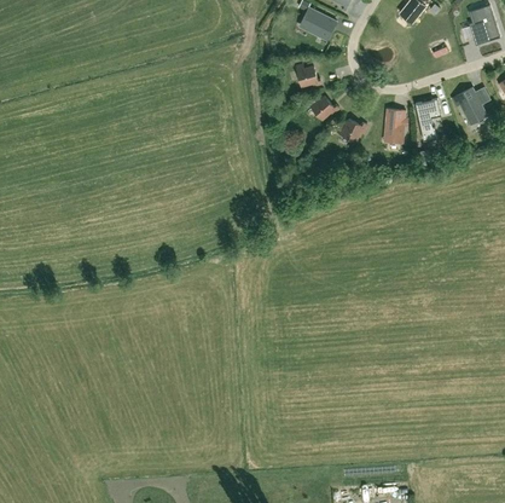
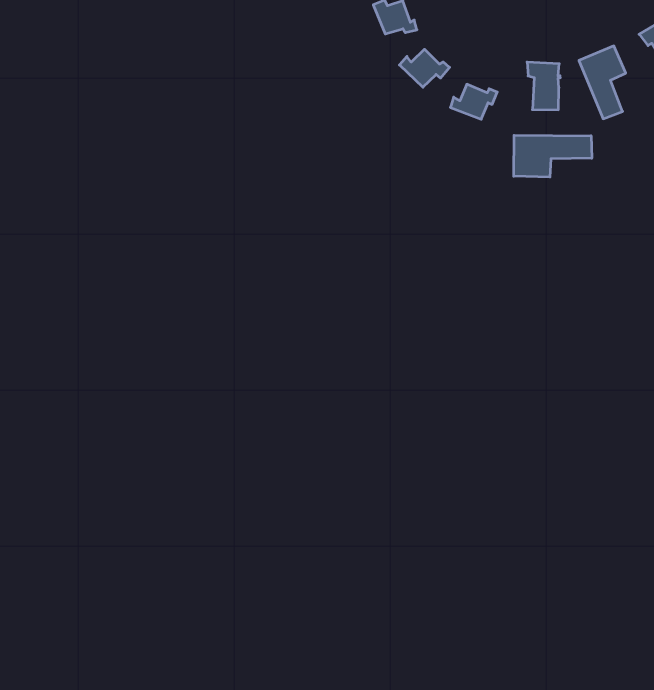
building: none -> [514,135,592,177]

